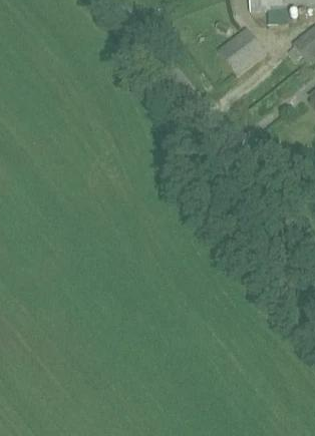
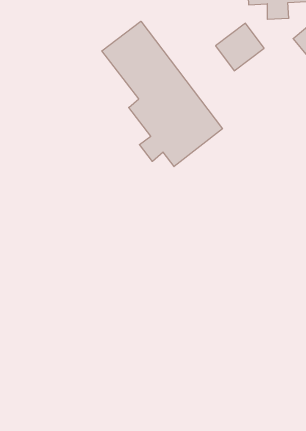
building: none -> [102,21,222,167]

